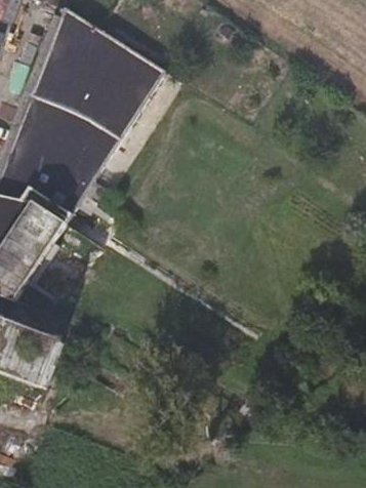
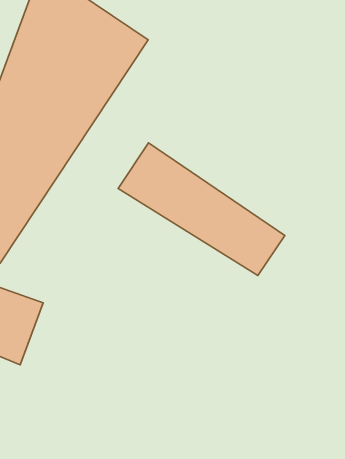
building: none -> [118,143,285,275]

